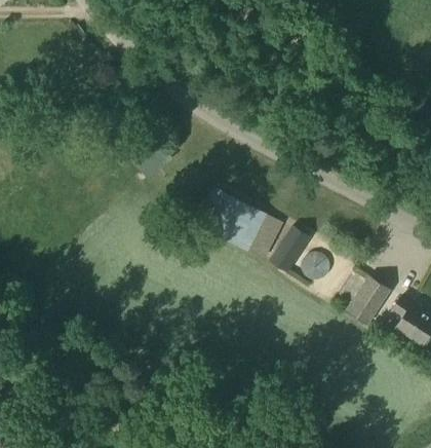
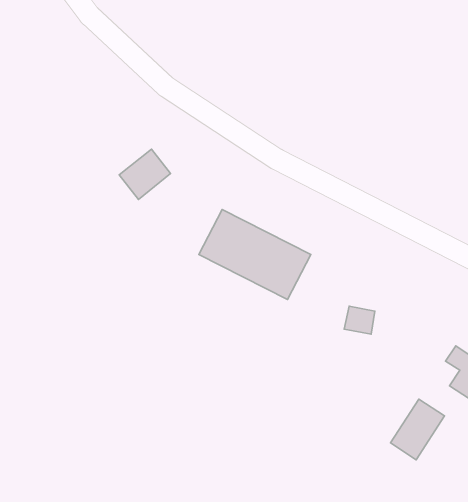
building: [268,224,310,272] -> none
building: [346,275,389,324] -> [391,399,445,460]

